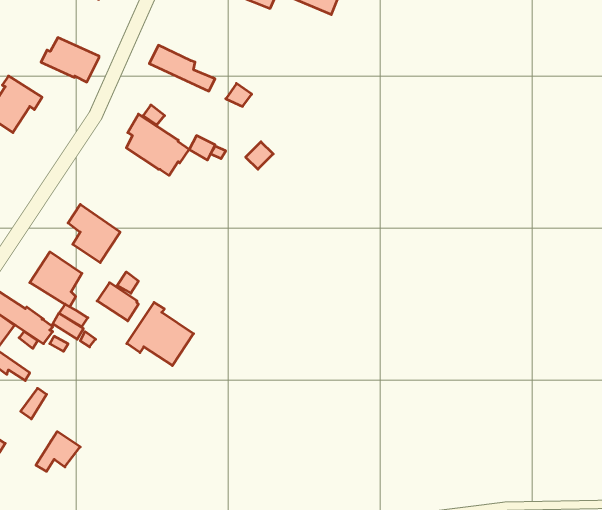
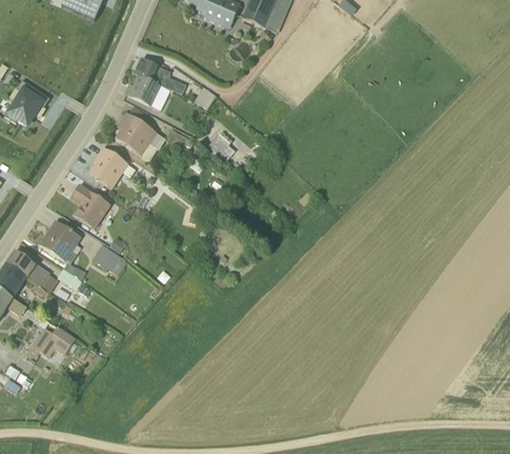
building: [41,38,99,82] -> [124,74,170,109]
building: none -> [88,146,134,189]
building: [127,302,194,366] -> none
building: [36,432,80,471] -> [40,326,75,357]

